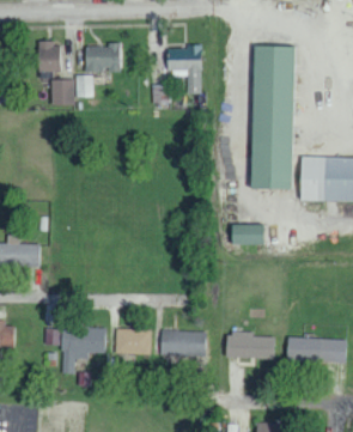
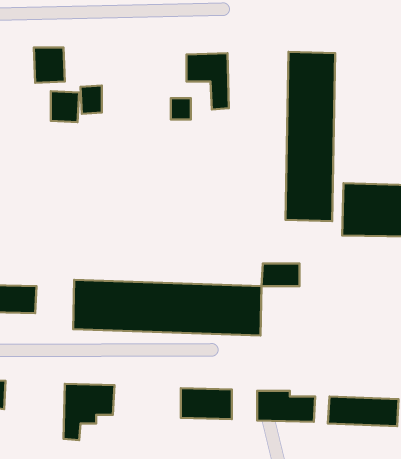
building: [85,44,121,71] -> none
building: none -> [73,280,261,336]
building: [117,329,152,354] -> none

